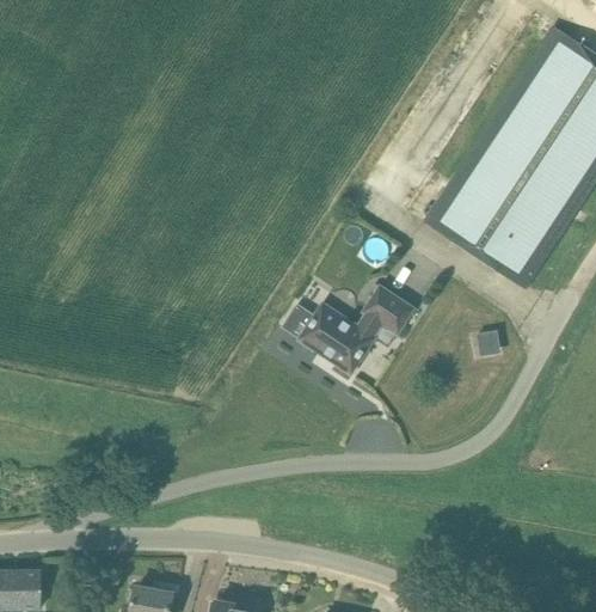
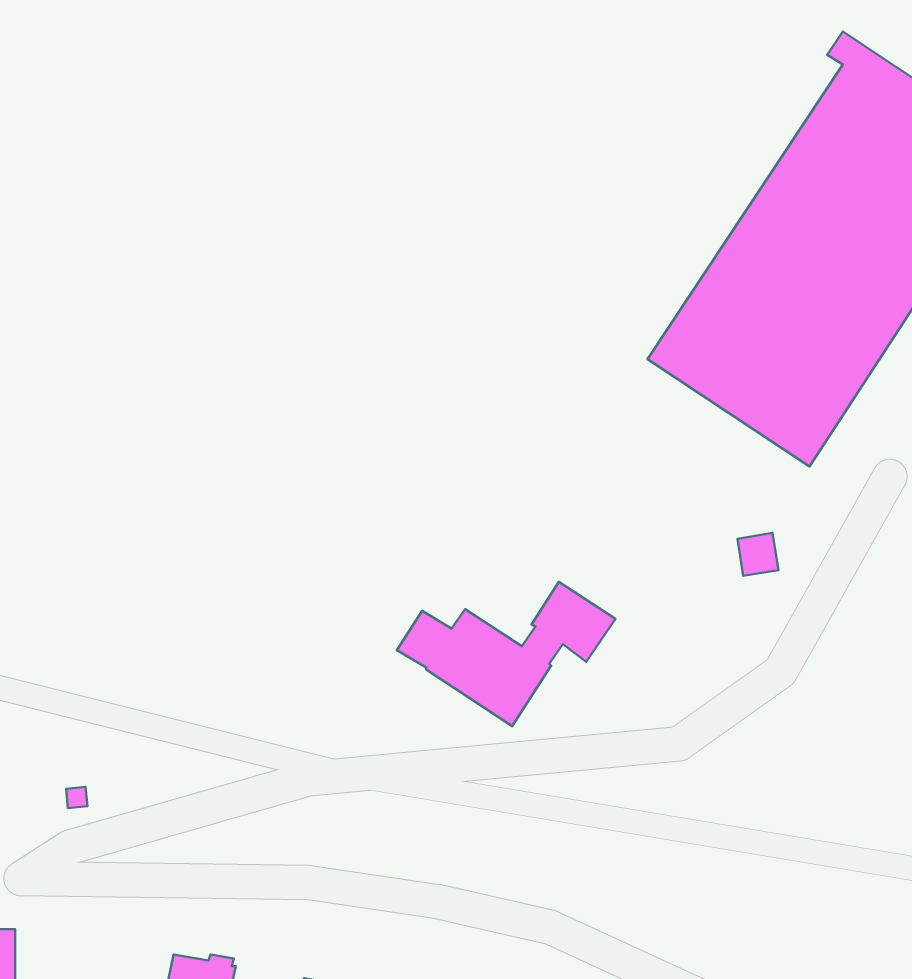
building: [282,286,416,374] -> [397,582,615,726]

